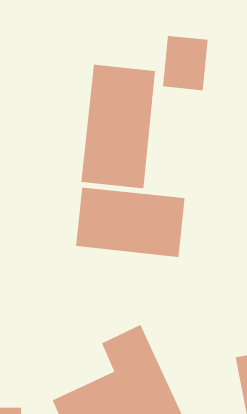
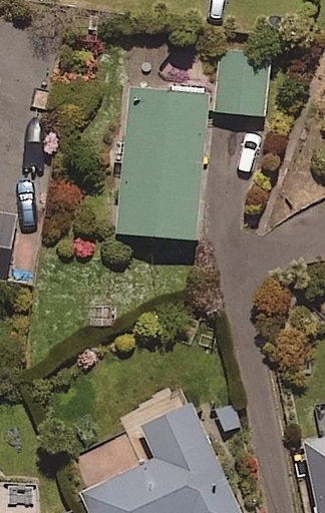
building: [76,187,185,258] -> none

